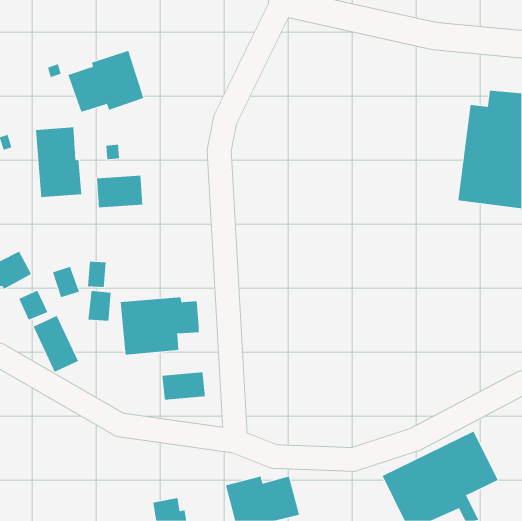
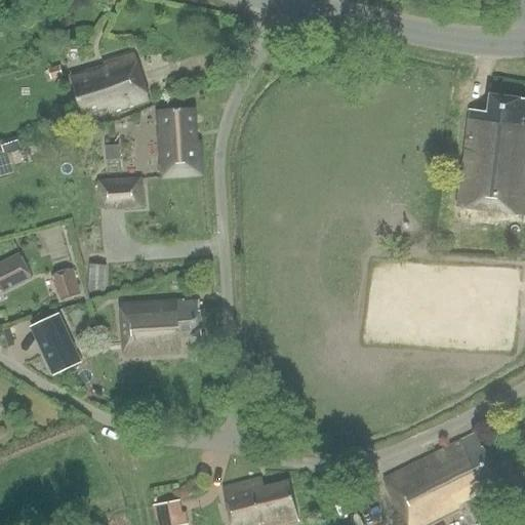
building: [35,127,82,197] -> [156,107,203,177]
building: [19,290,48,320] -> none
building: [88,290,111,322] -> none
building: [162,371,205,401] -> none

